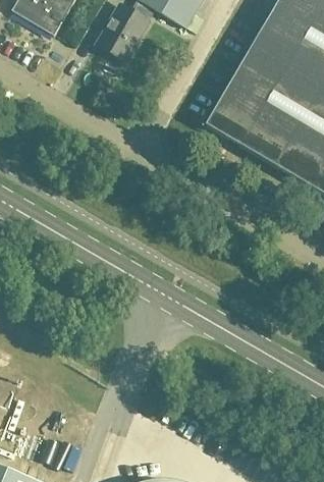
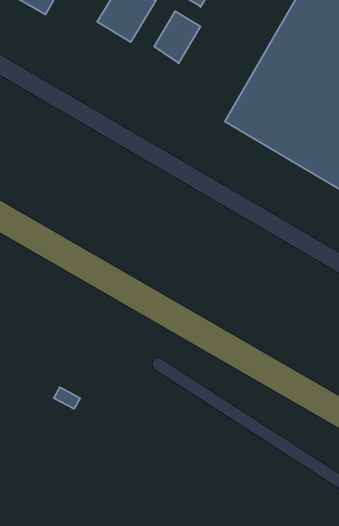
building: none -> [154,11,201,63]

